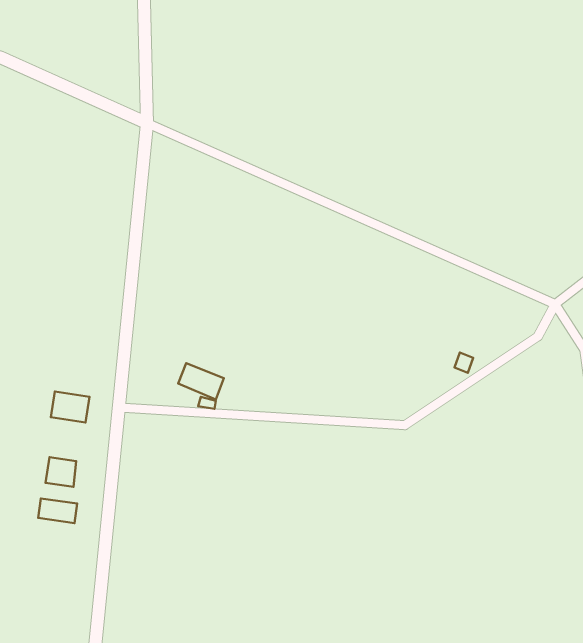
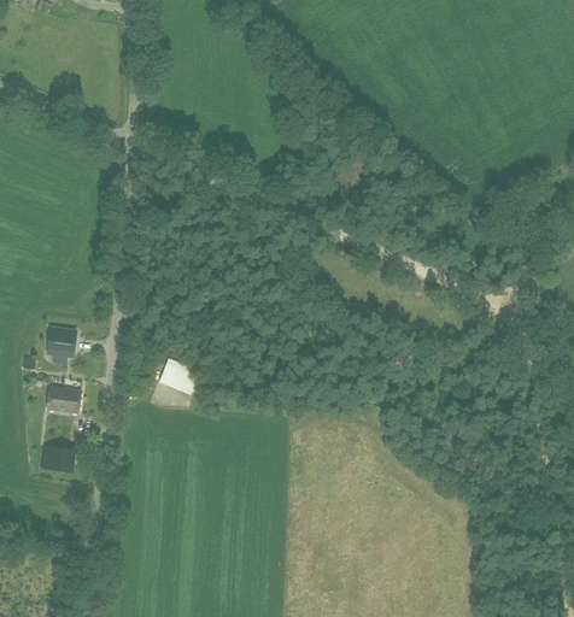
building: none -> [47,327,76,354]
building: [38,498,77,523] -> none

